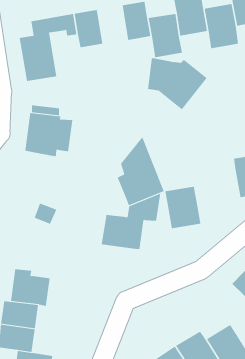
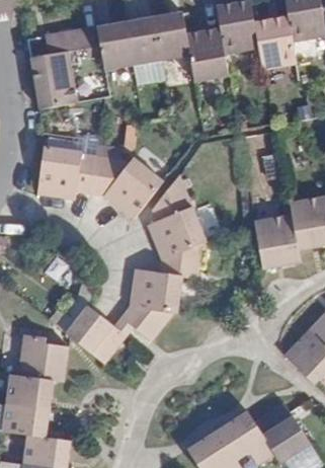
building: none -> [124,16,160,63]
building: [147,57,207,110] -> [89,155,162,219]
building: [164,186,201,229] -> [253,216,298,267]
building: none -> [65,306,125,362]
building: none -> [119,306,172,339]

